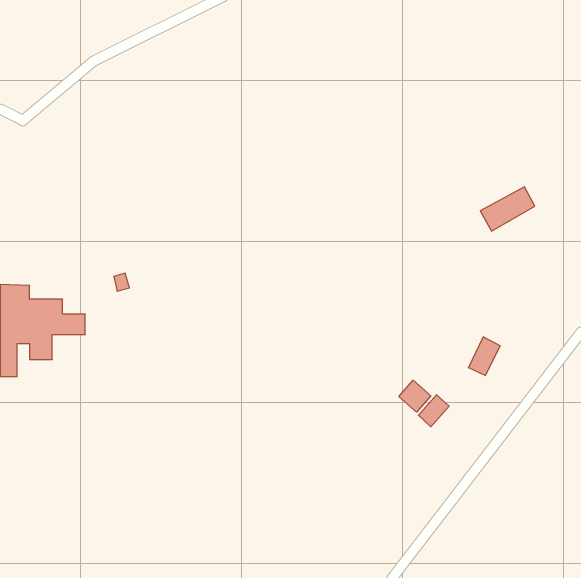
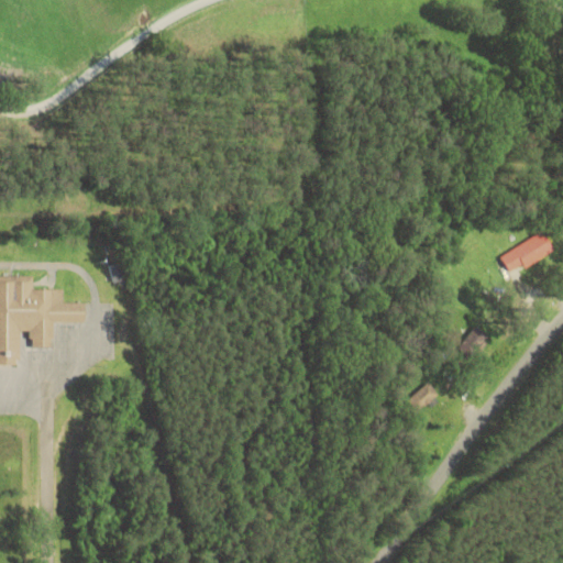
building: [480,187,535,231] -> [498,232,551,275]
building: [399,380,431,412] -> none

